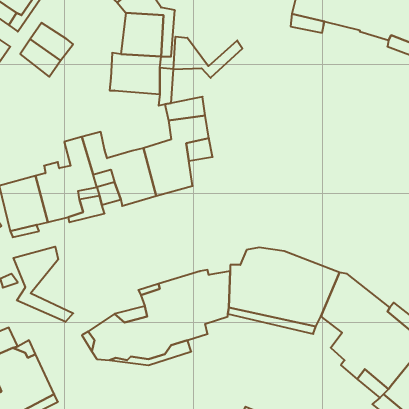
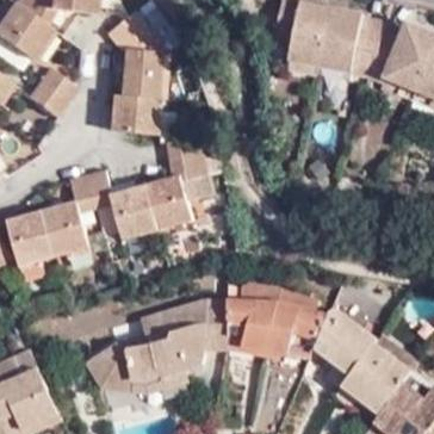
building: [174,37,242,78] -> none
building: [13,247,73,322] -> none

